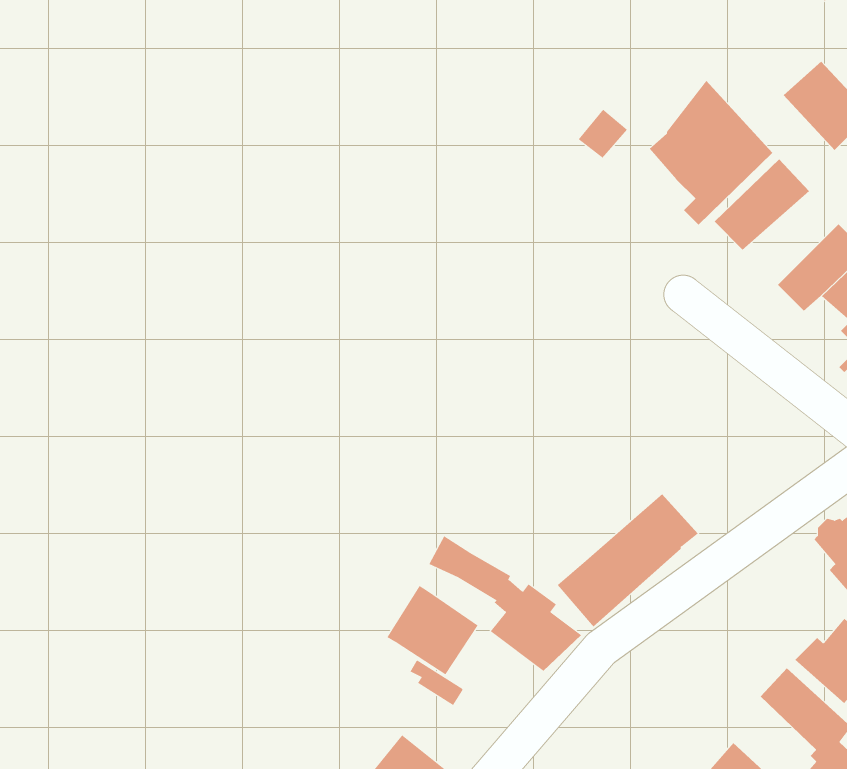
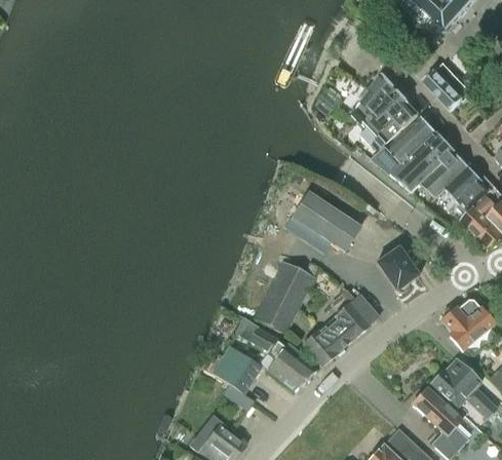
building: none -> [375,132,454,191]
building: none -> [285,192,360,254]
building: none -> [376,246,420,293]
building: none -> [255,260,319,333]

